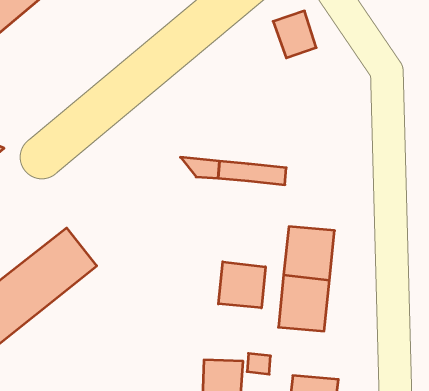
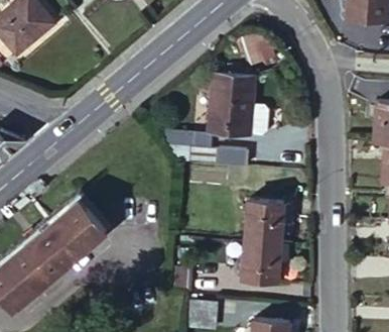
building: none -> [210,72,268,134]
building: [218,262,265,308] -> none

